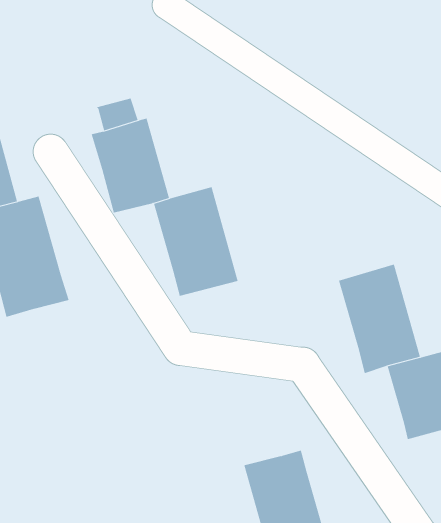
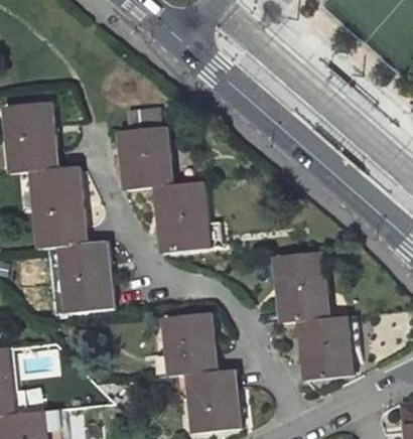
building: none -> [62,243,114,312]
building: none -> [168,311,219,376]

